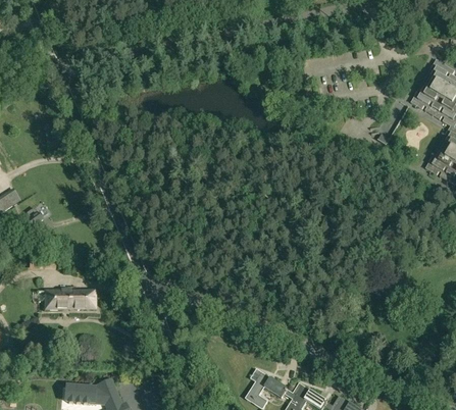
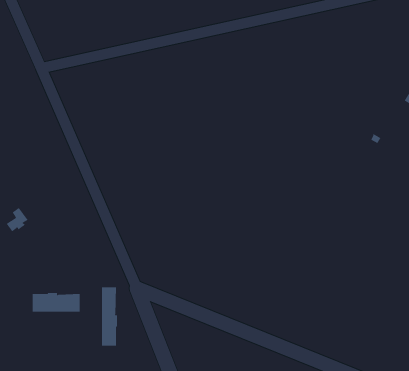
building: none -> [101,286,117,346]

